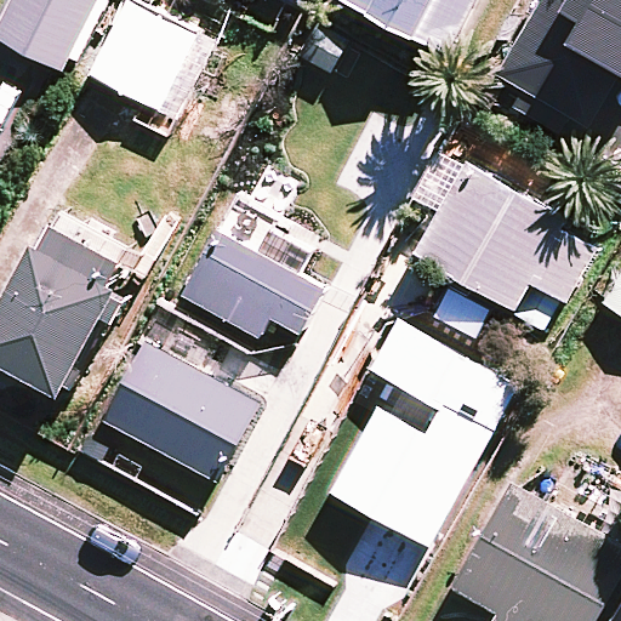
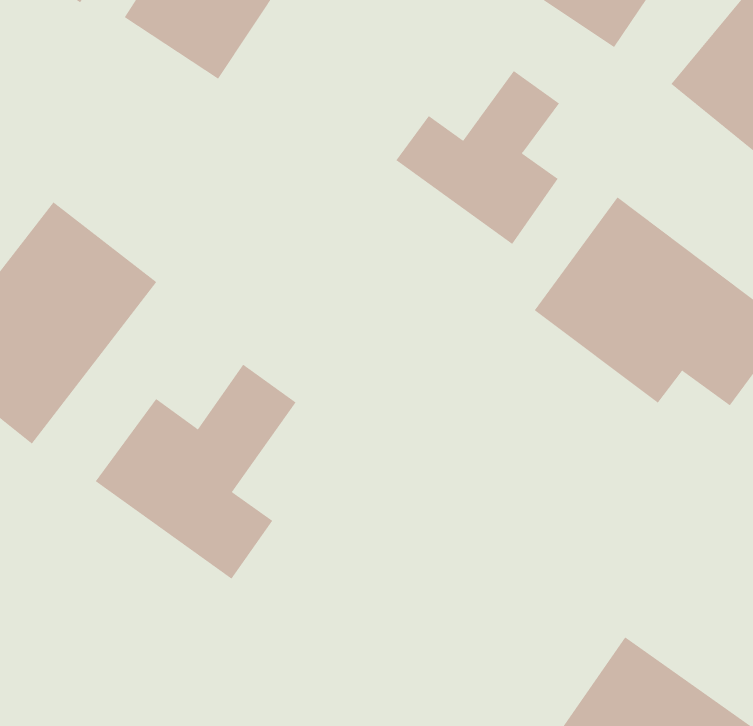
building: none -> [396,70,560,245]
building: [176,198,324,340] -> none
building: [329,318,517,546] -> none

